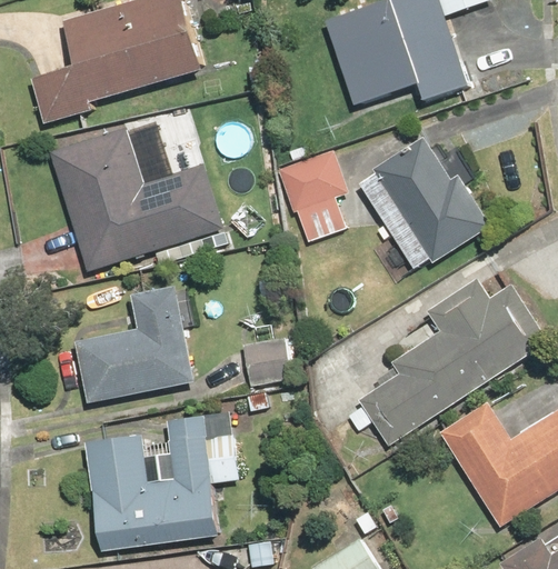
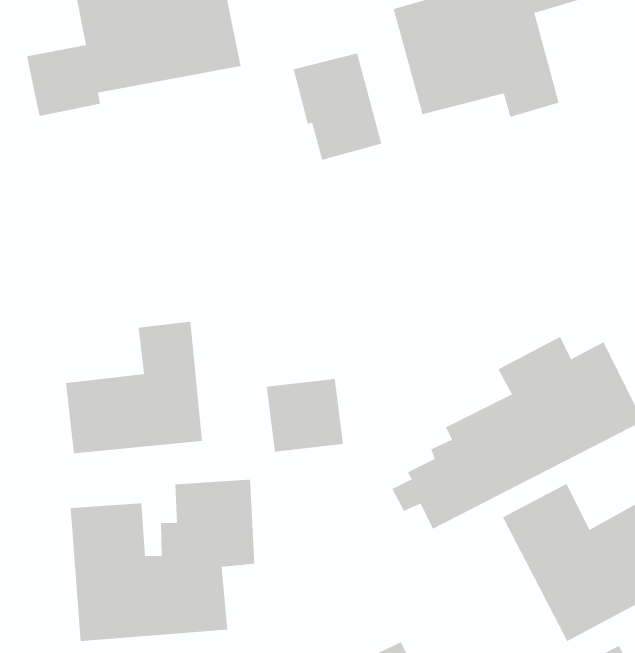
building: [50,128,223,271] -> none
building: [361,138,495,270] -> none
building: [279,151,356,241] -> [293,53,382,161]

